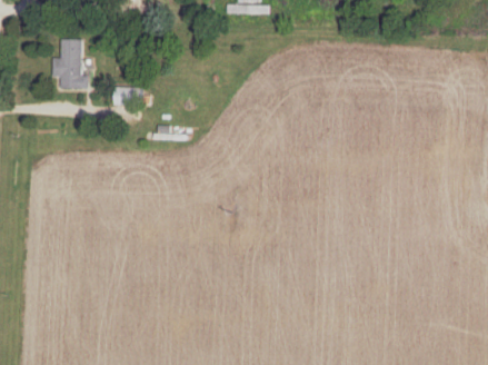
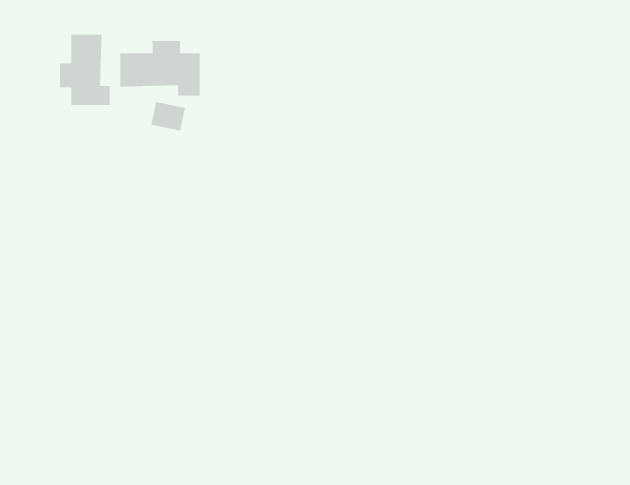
building: none -> [119,40,201,96]

